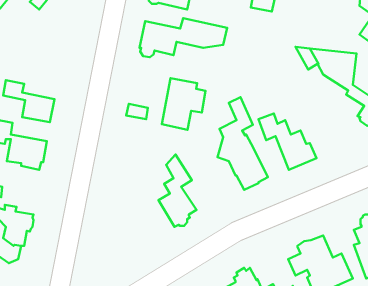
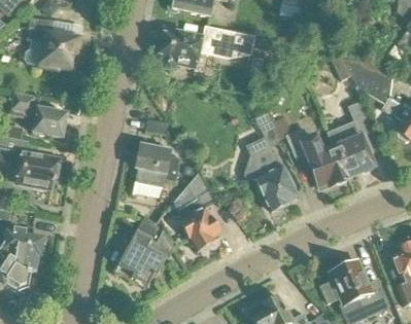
building: none -> [24,17,80,70]
building: [162,78,206,130] -> [133,144,180,200]
building: none -> [327,101,374,177]
building: none -> [114,219,174,286]

